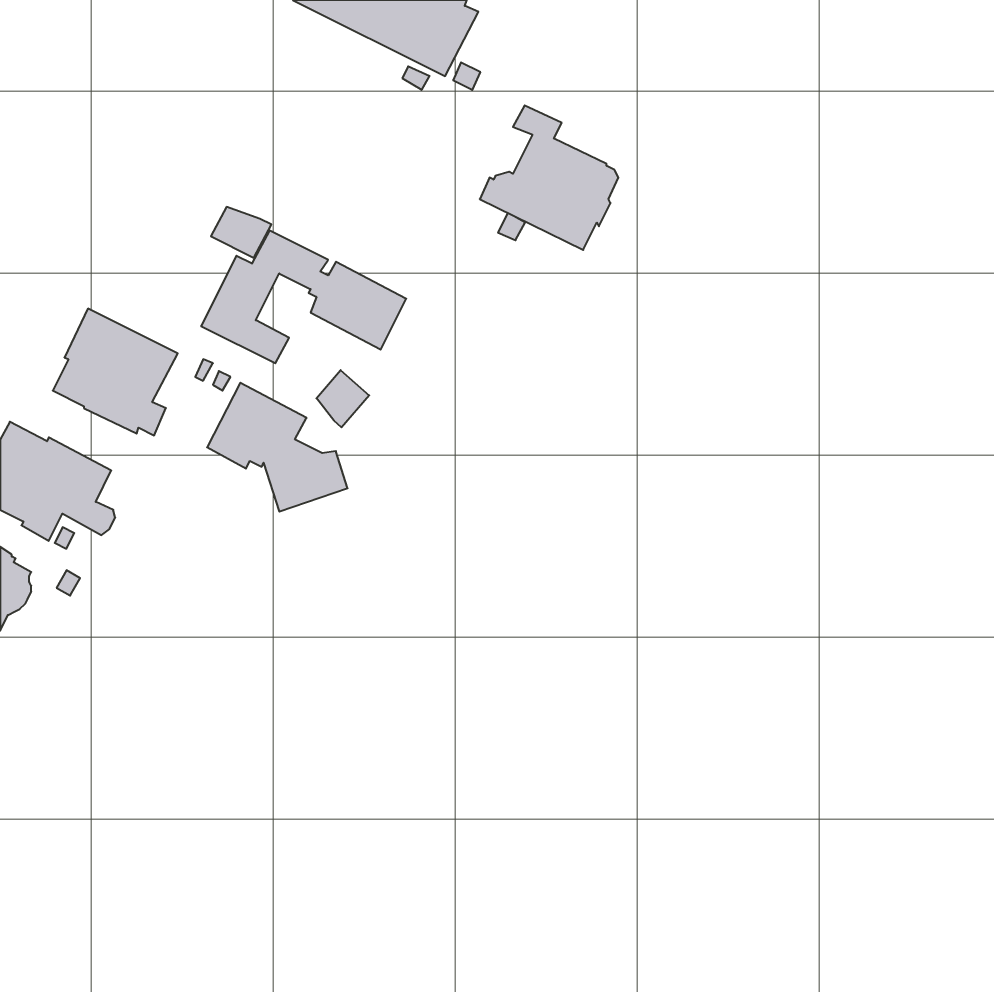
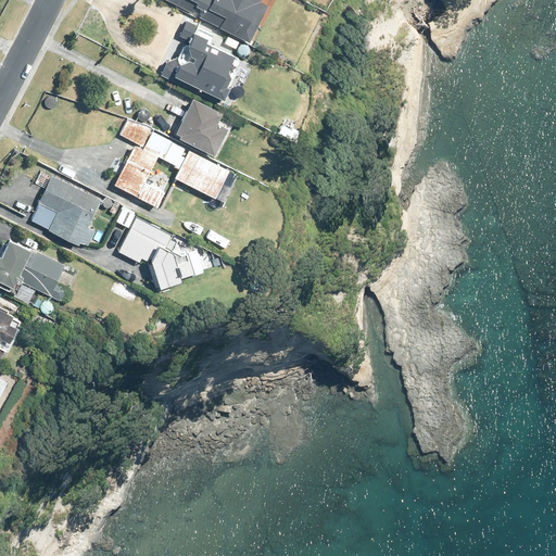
building: [480,105,618,250] -> [162,22,239,102]
building: none -> [174,97,227,154]
building: [316,370,369,427] -> none

